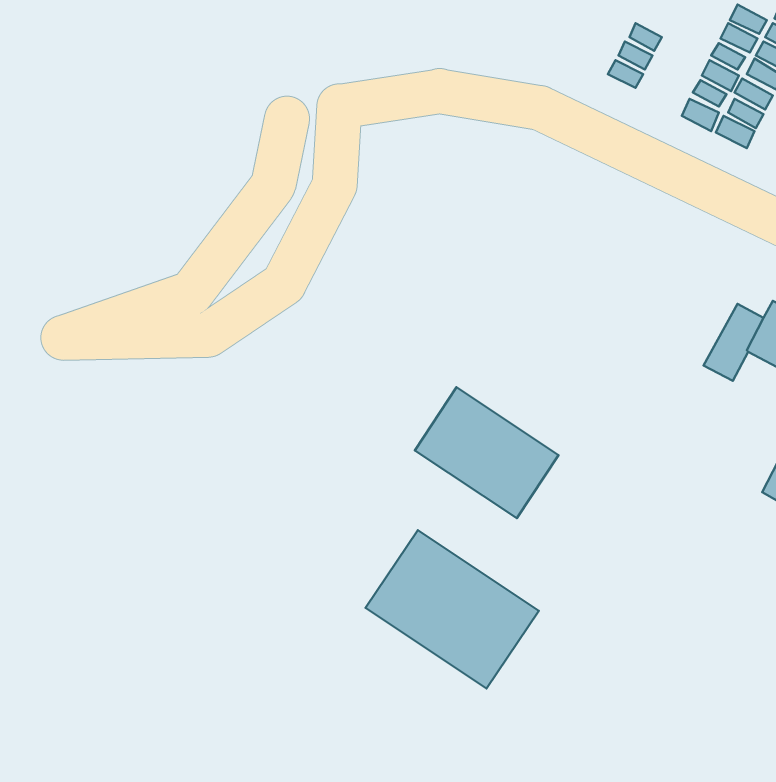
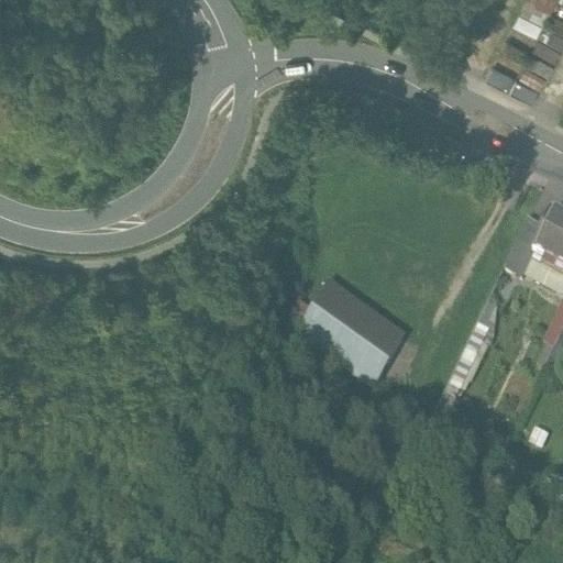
building: [366,530,539,688] -> none

